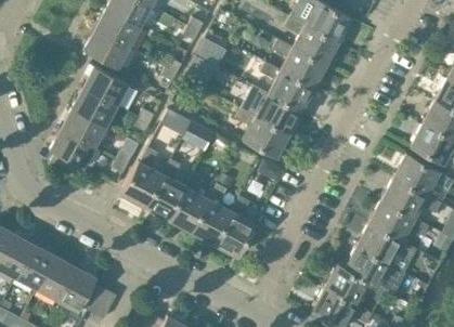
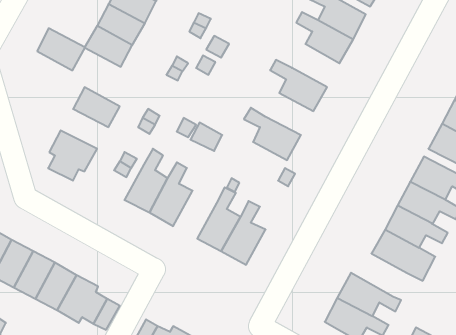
building: [273,40,326,89] -> none
building: [83,67,129,107] -> [37,28,85,70]
building: [248,86,301,134] -> none
building: [61,109,106,147] -> none
building: [168,172,209,233] -> none
building: [345,247,405,296] -> none

